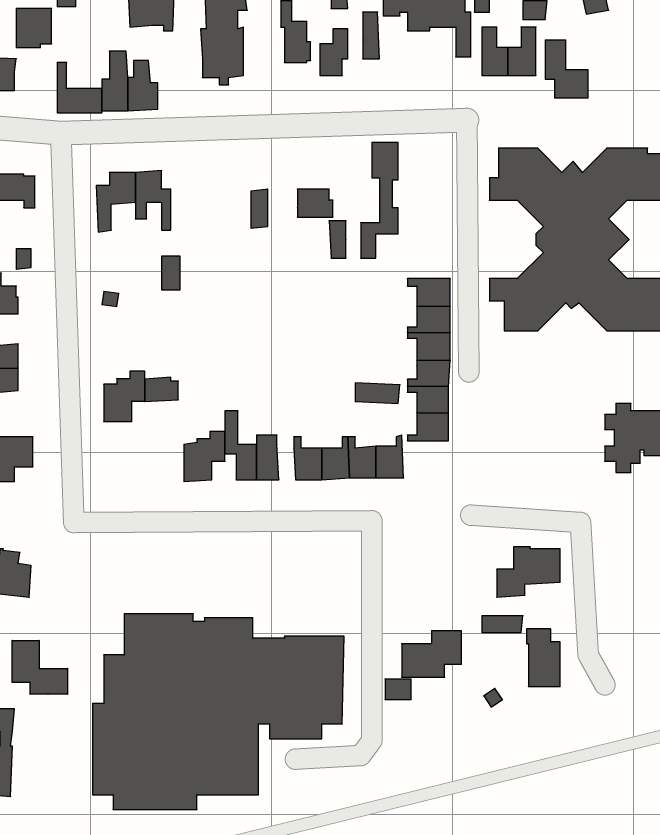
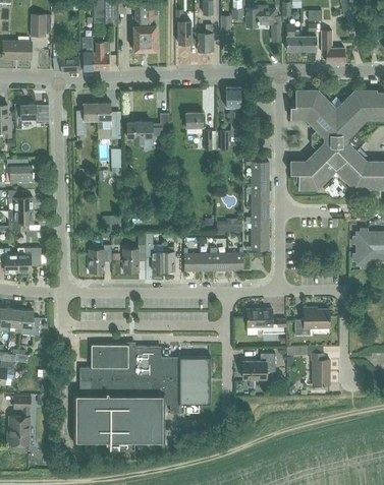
building: none -> [127,121,152,142]
building: [104,371,145,422] -> [89,245,111,272]
building: none -> [246,309,272,327]
building: [12,640,68,694] -> none

